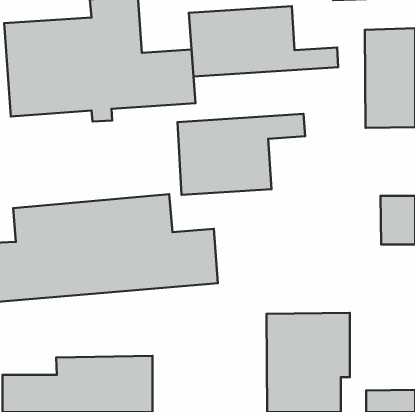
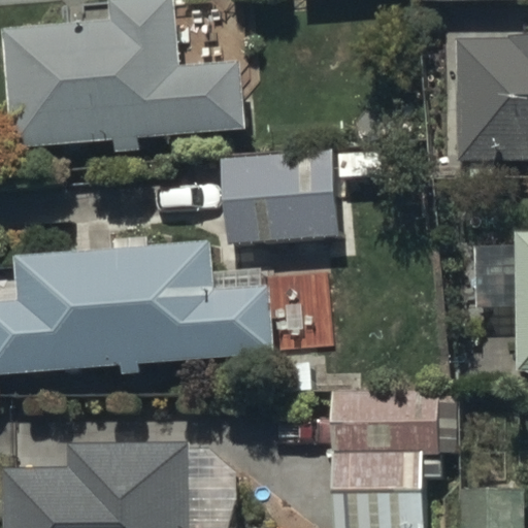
building: [189,6,338,77] -> none

